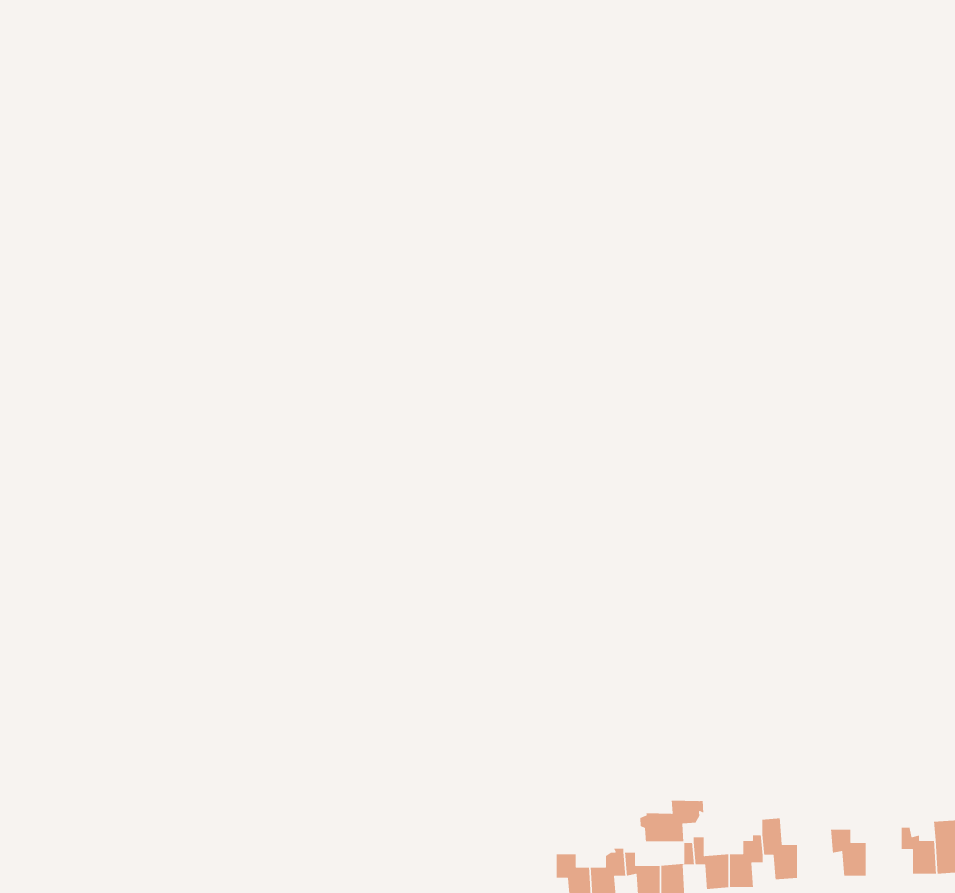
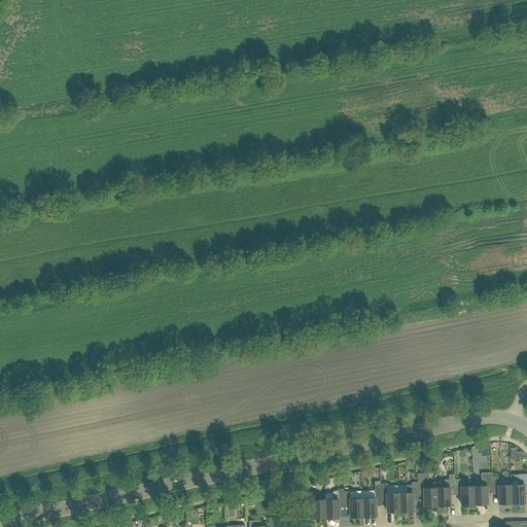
building: [639,800,704,842] -> none
building: none -> [475,473,493,505]
building: none -> [437,475,456,506]

